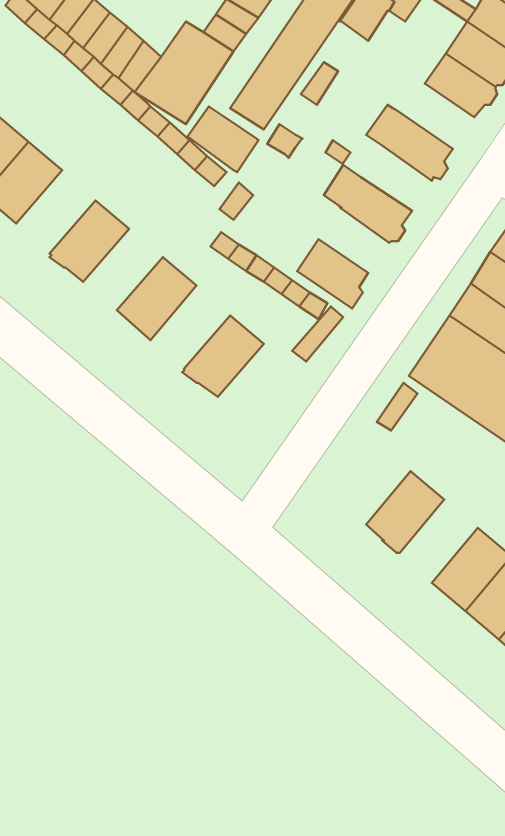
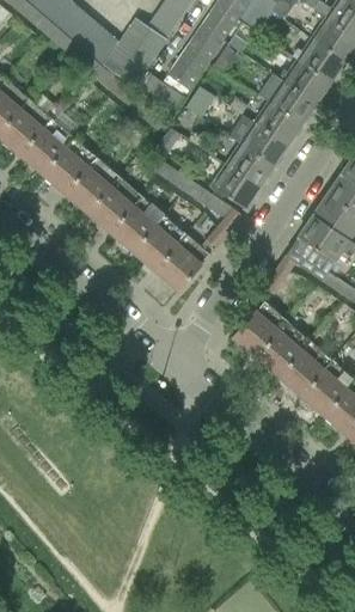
building: none -> [277,60,331,104]
building: none -> [253,102,302,146]
building: none -> [20,118,74,175]
building: none -> [225,143,274,188]
building: none -> [66,158,120,213]
building: none -> [111,196,165,252]
building: none -> [157,235,210,292]
building: none -> [233,301,287,357]
building: none -> [280,341,332,397]

